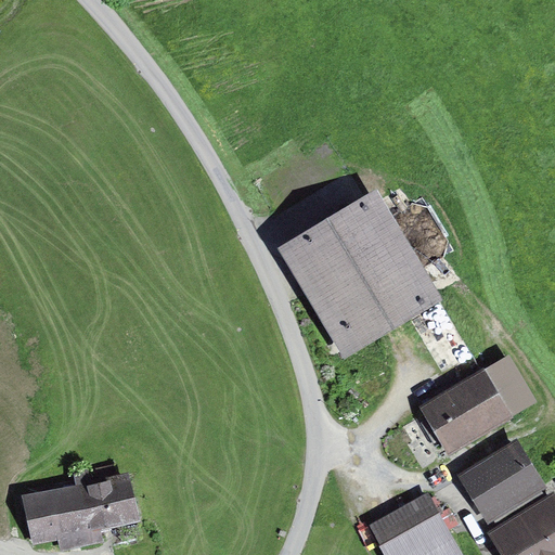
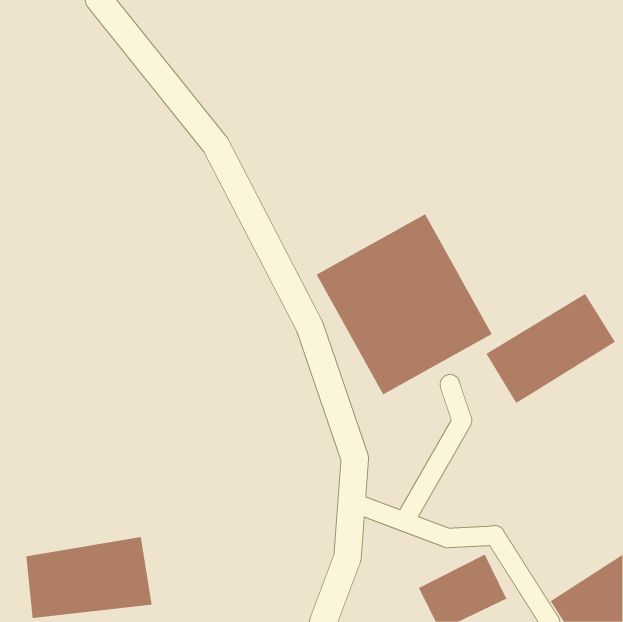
building: [418,357,534,455] -> [485,293,616,404]
building: [464,443,544,520] -> none

